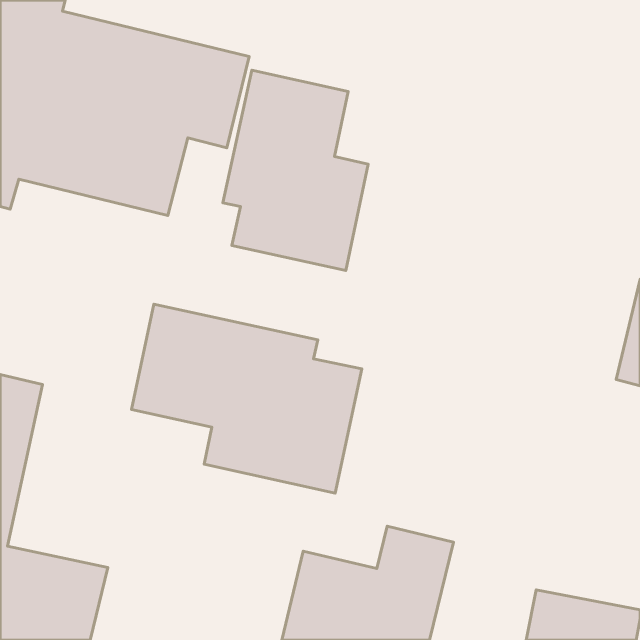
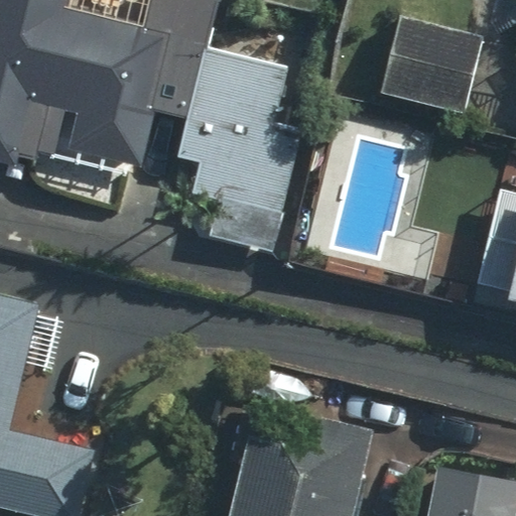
building: none -> [384,6,487,102]
building: [132,304,362,493] -> none

